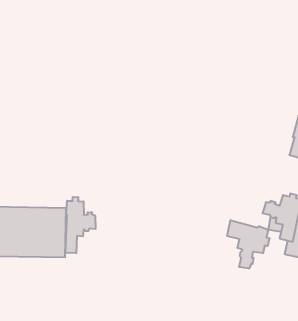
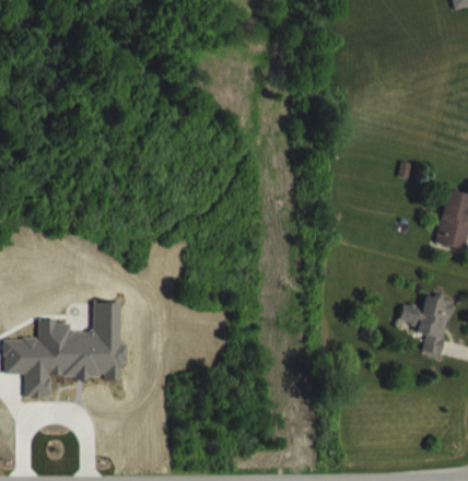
building: [65,197,95,253] -> none
building: [227,220,269,269] -> none

